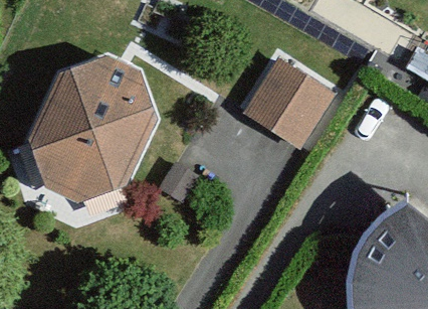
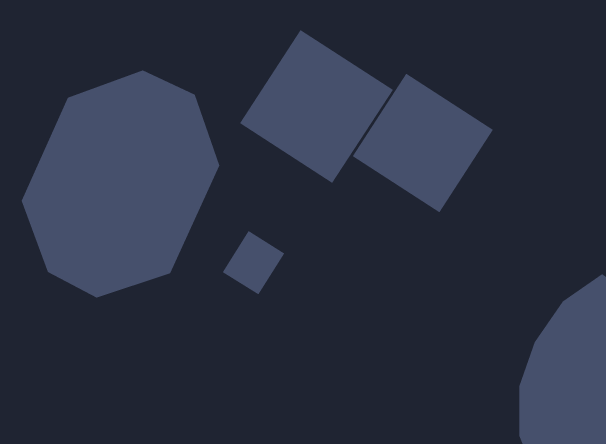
building: none -> [239,29,394,184]

